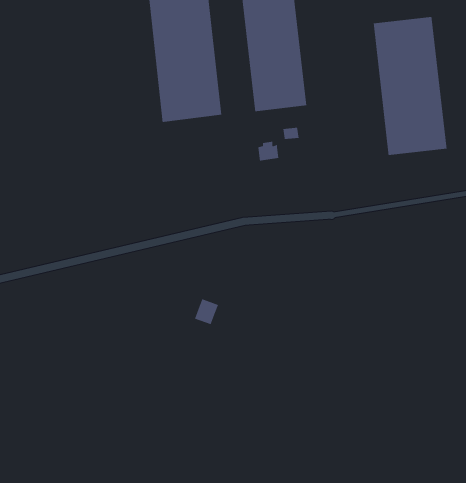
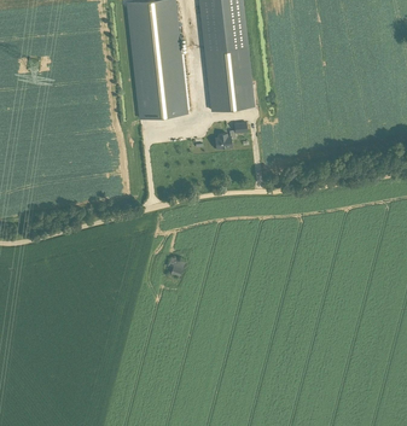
building: [373,16,447,156] -> none

